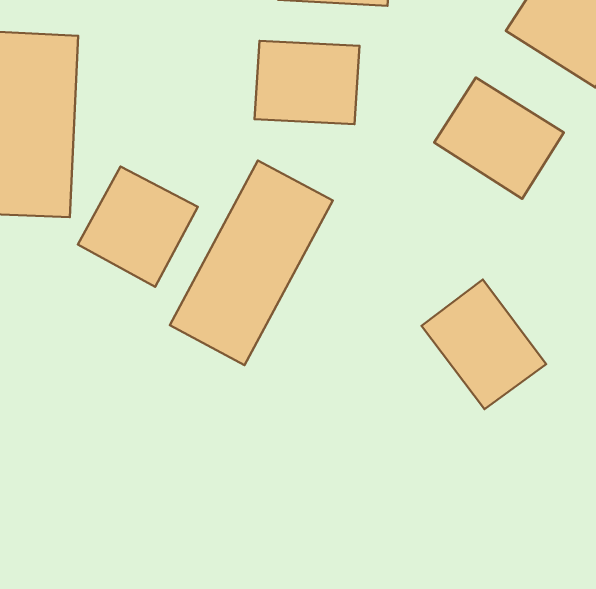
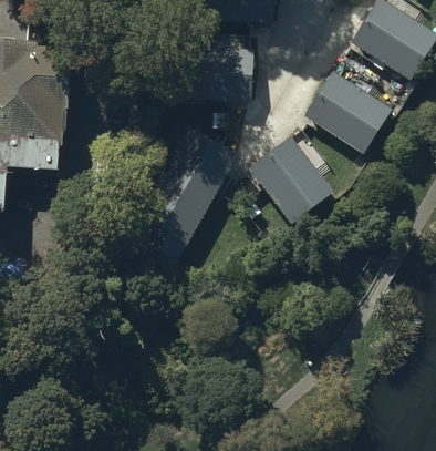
building: [78,166,198,287] -> none
building: [421,279,546,409] -> [248,136,331,223]

